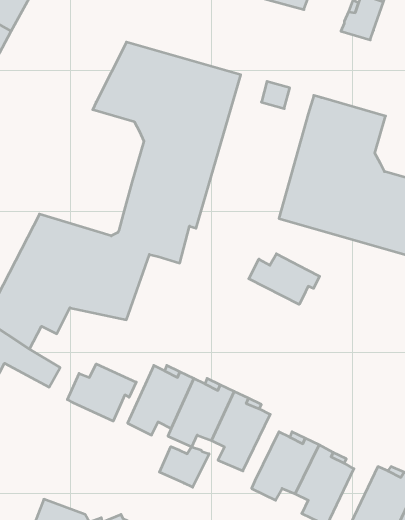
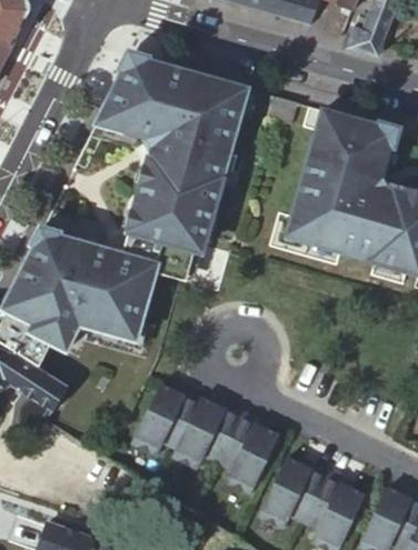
building: [249,254,320,304] -> none
building: [67,364,136,421] -> none
building: [159,447,209,487] -> none

